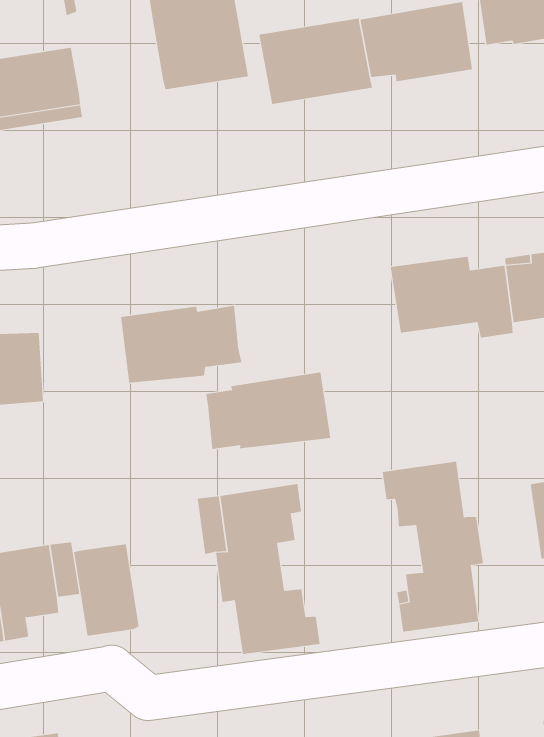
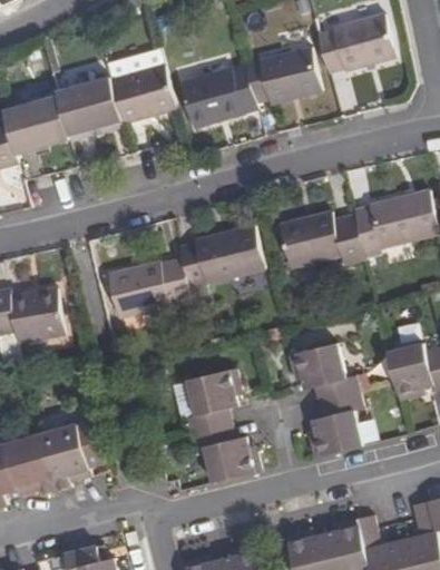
building: none -> [55,77,119,132]
building: [205,372,331,449] -> [179,226,264,284]
building: [73,544,139,637] -> none

